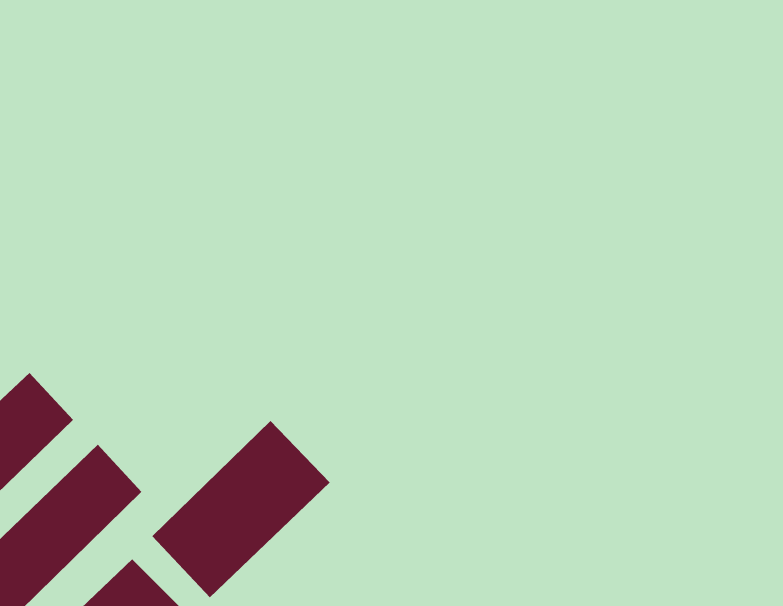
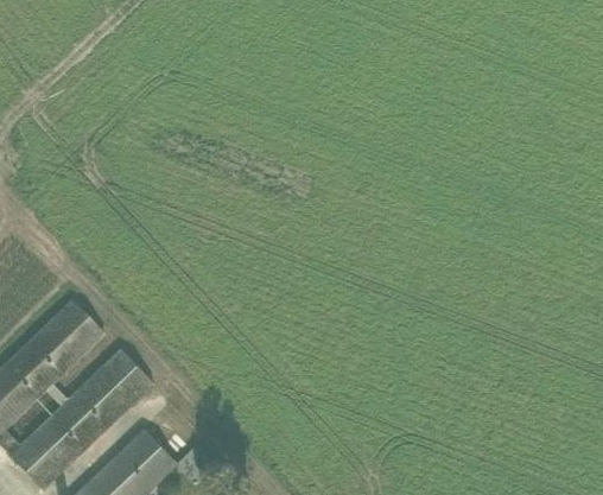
building: [152,420,331,598] -> none

